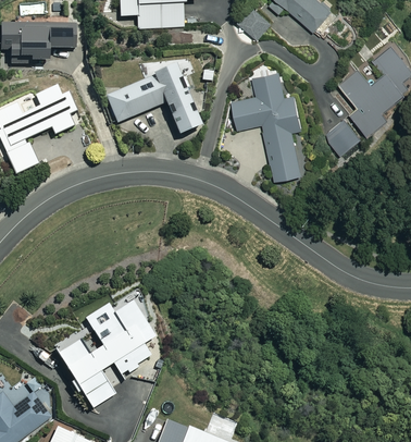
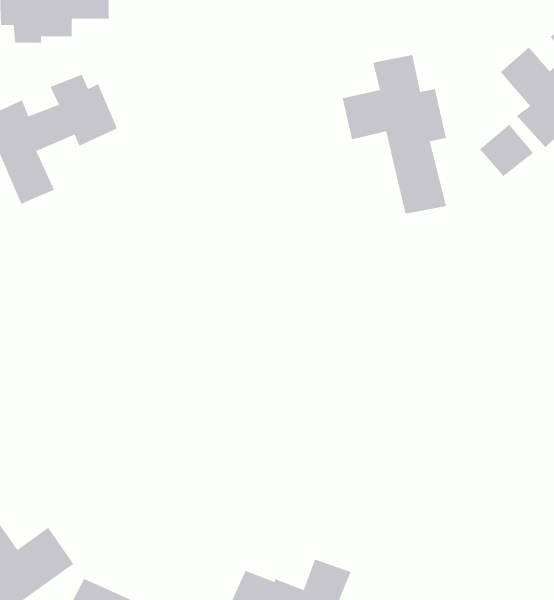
building: [105,58,201,133] -> none
building: [54,299,155,407] -> none

